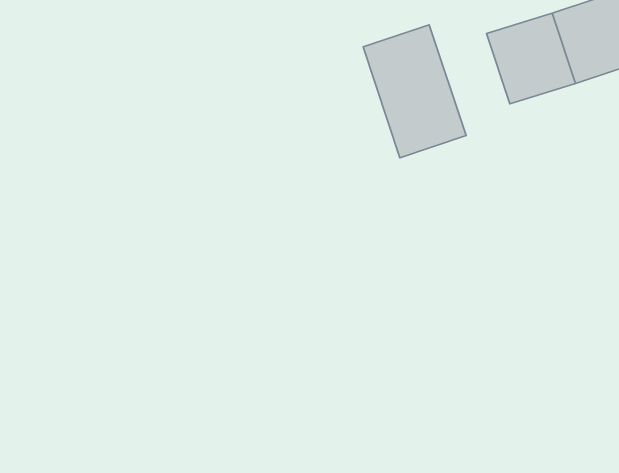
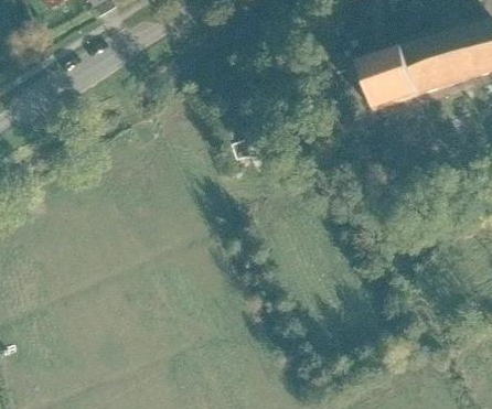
building: [363,25,466,158] -> none

